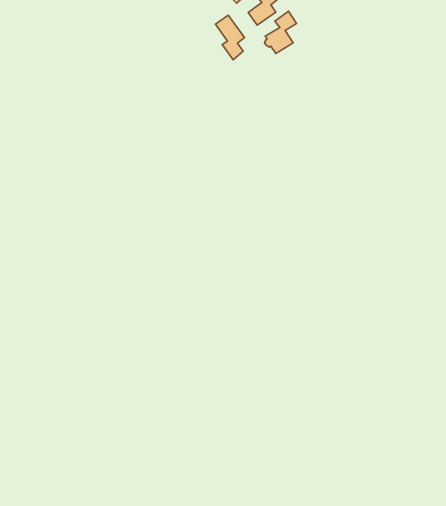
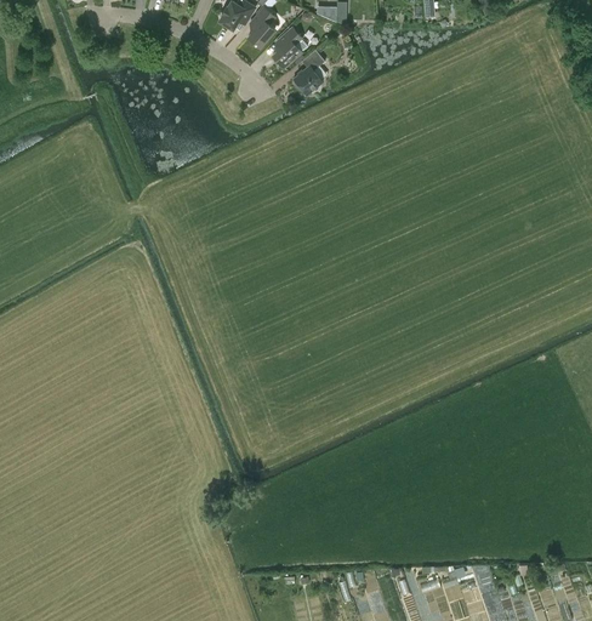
building: [216,15,245,60] -> none

